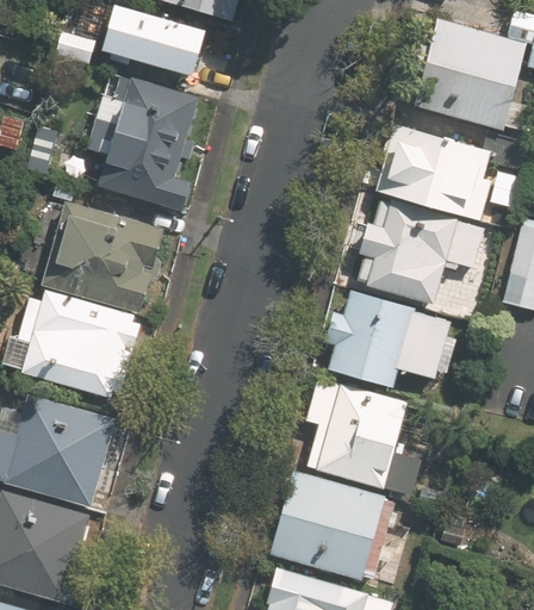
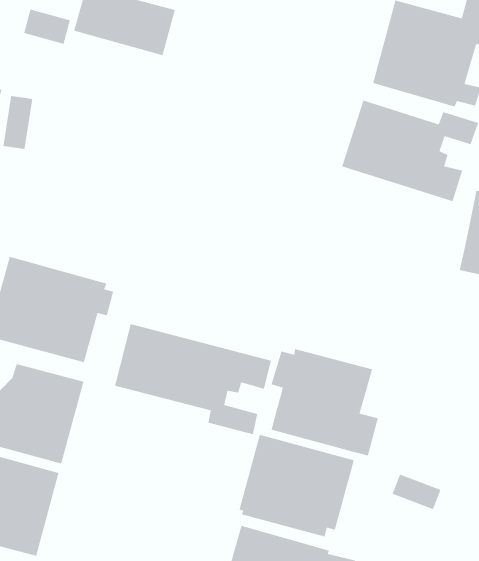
building: [82,74,199,210] -> none
building: [355,197,485,307] -> none
building: [49,203,163,311] -> none
building: [322,290,458,386] -> none
building: none -> [114,323,272,435]

